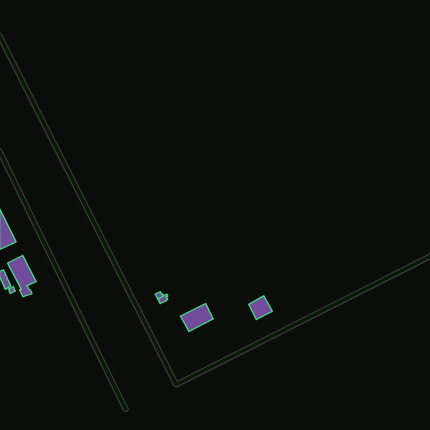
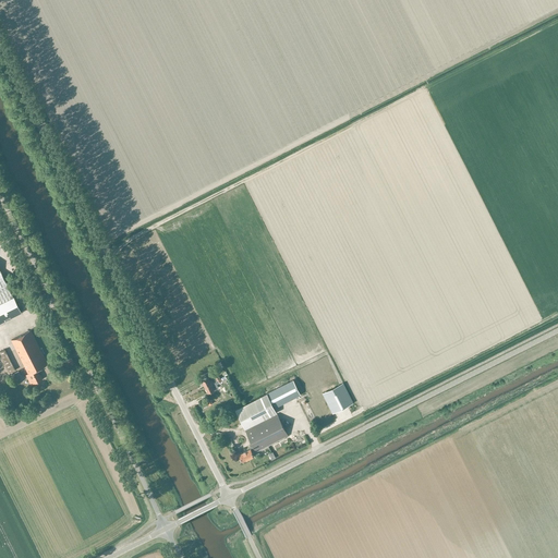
building: none -> [266,380,300,409]
building: none -> [238,415,287,462]

